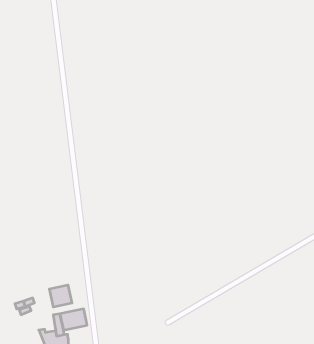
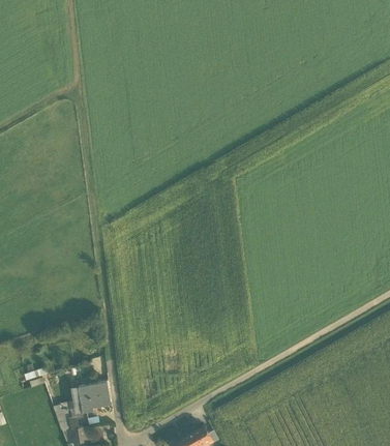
building: [49,285,72,307] -> none

